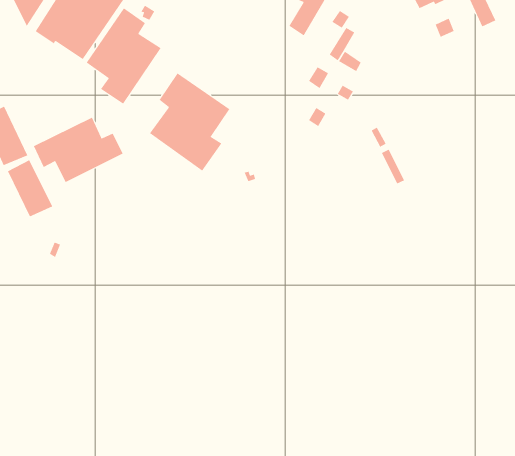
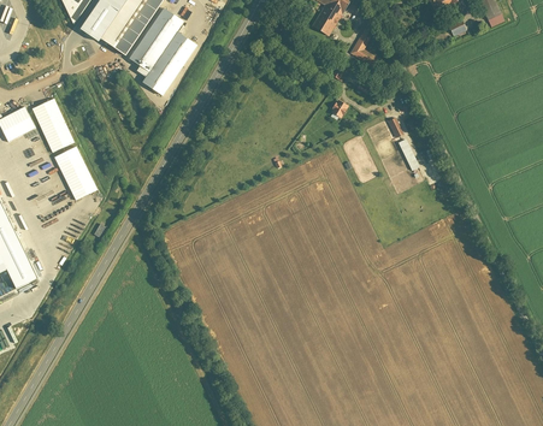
building: [149,73,230,171] -> none
building: [33,117,124,183] -> none

